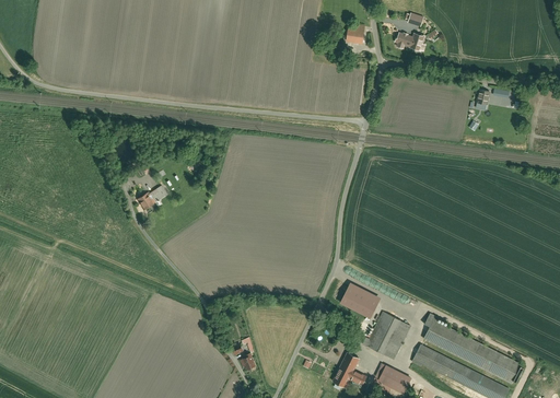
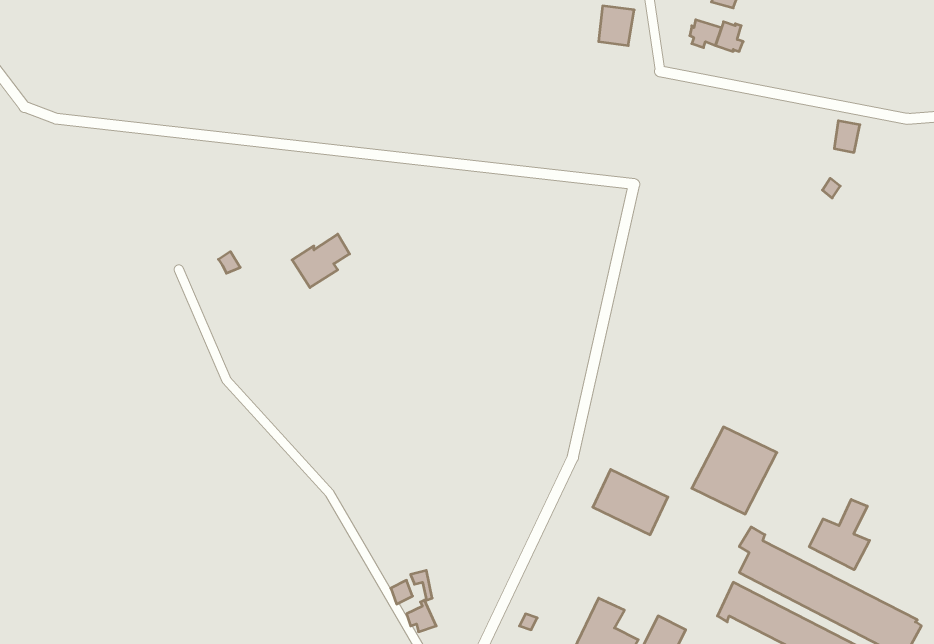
building: [136,185,167,214] -> [292,234,350,288]
building: none -> [809,499,870,570]
building: [364,312,411,360] -> [692,427,777,514]

